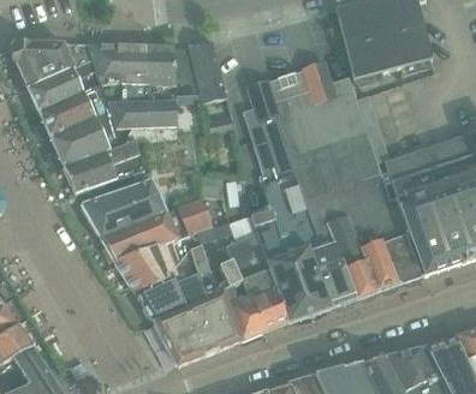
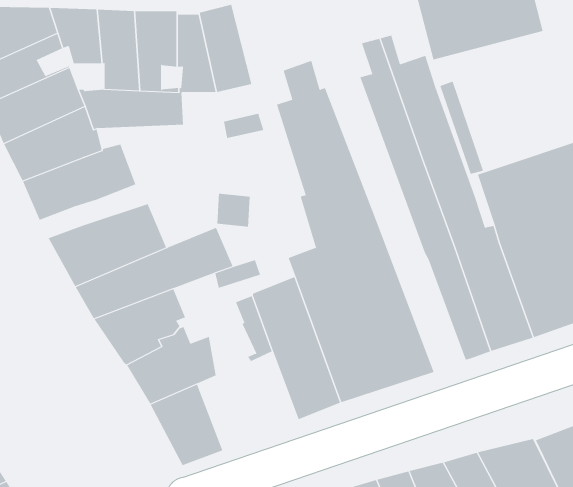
building: [268,67,376,299] -> none
building: [188,243,233,354] -> none
building: [221,285,258,341] -> none

